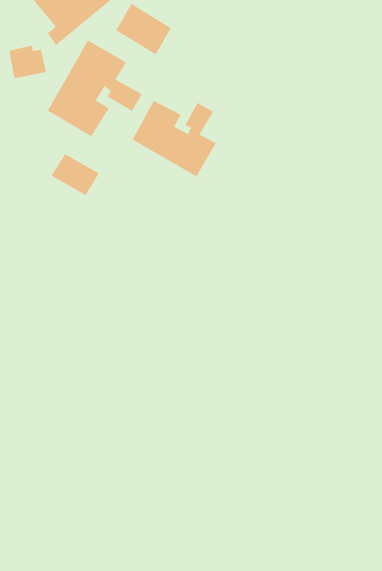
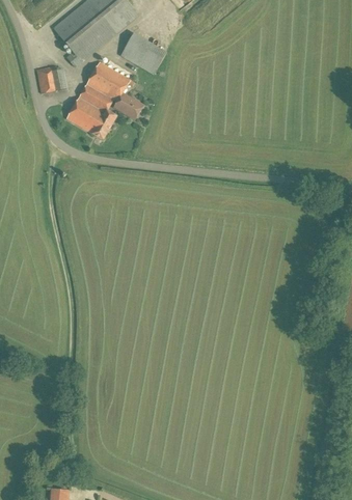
building: [131,100,217,178] -> none
building: [51,153,100,196] -> none

